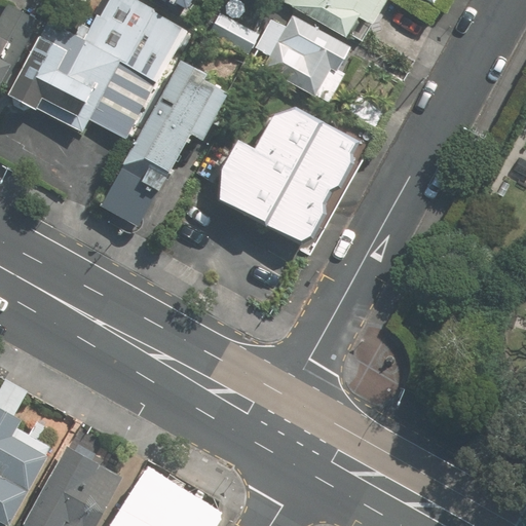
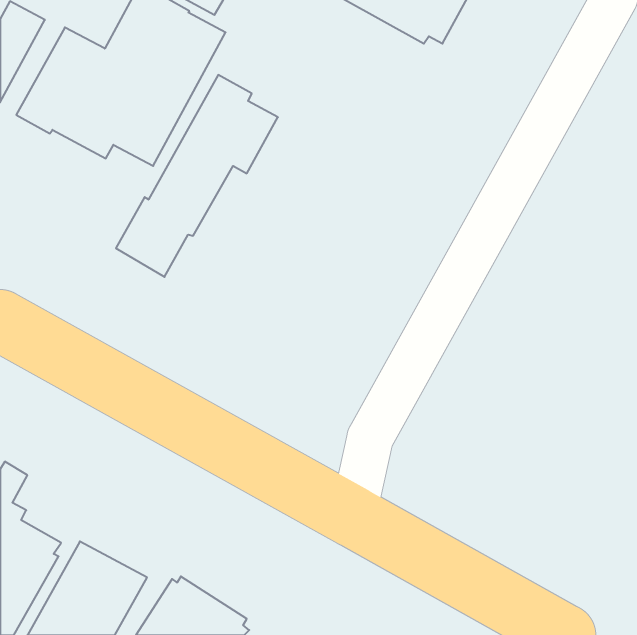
building: [251,13,353,101] -> none
building: [216,110,355,243] -> none

